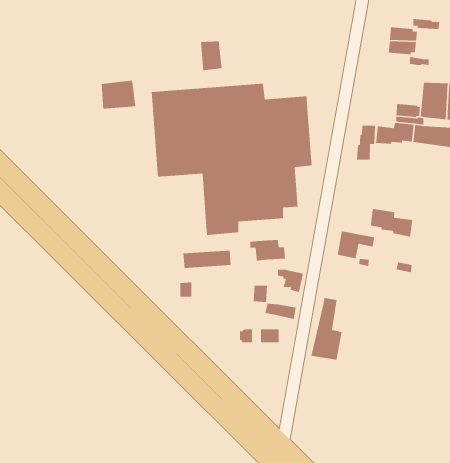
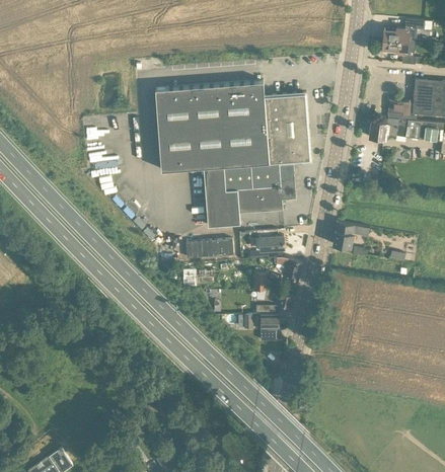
building: [200,40,222,71] -> none
building: [101,80,136,110] -> none
building: [356,125,376,160] -> none
building: [370,208,413,237] -> none
building: [311,297,342,361] -> none

